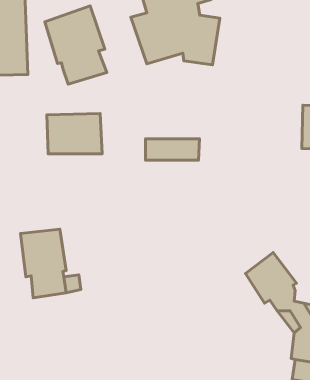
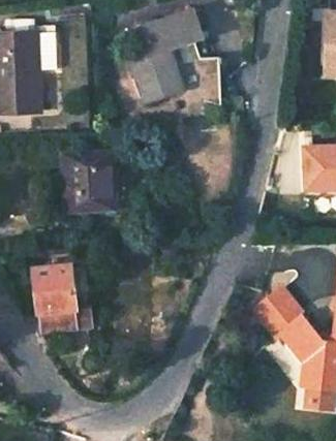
building: [45,6,107,84] -> none
building: [145,139,200,160] -> [62,190,115,211]

